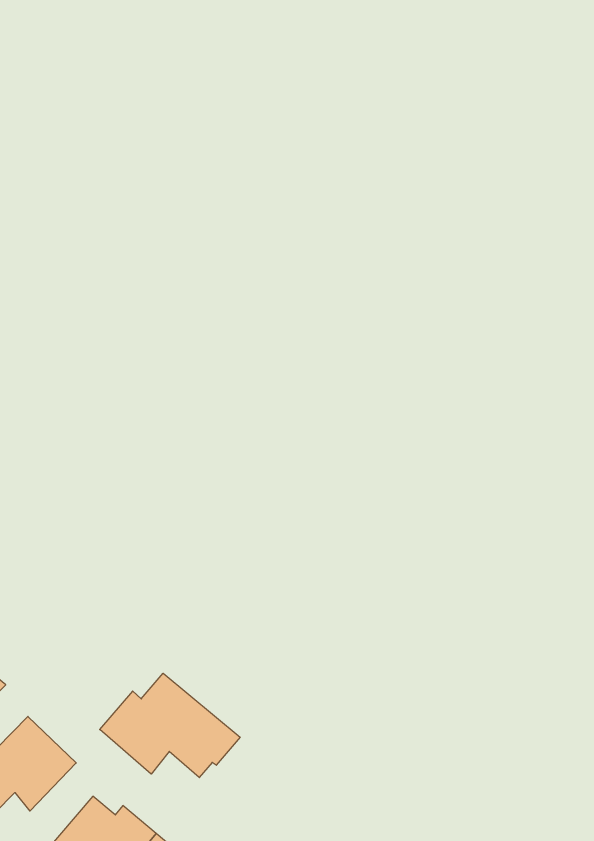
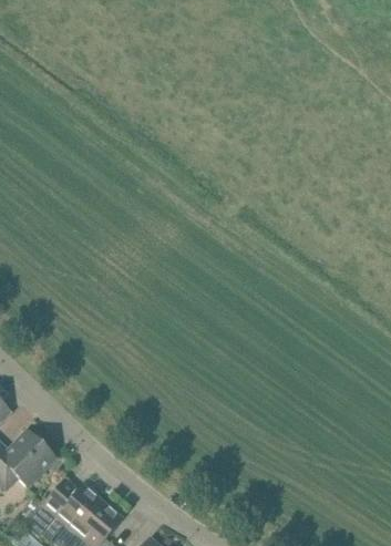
building: [100,673,240,778] -> none

